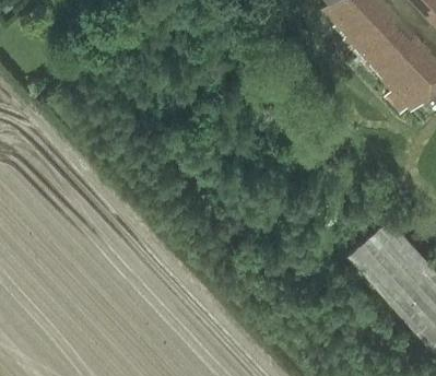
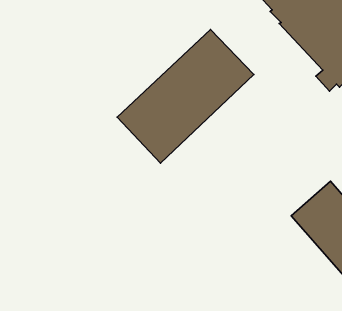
building: none -> [117,30,254,163]

